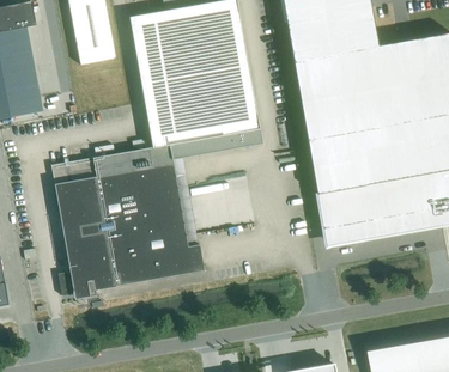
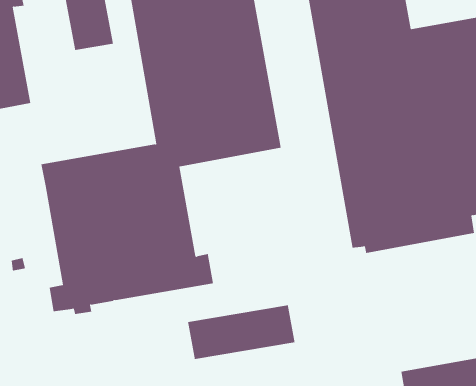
building: none -> [187,304,295,360]

